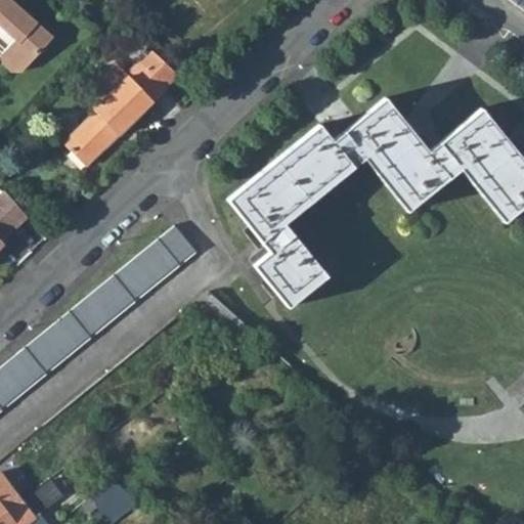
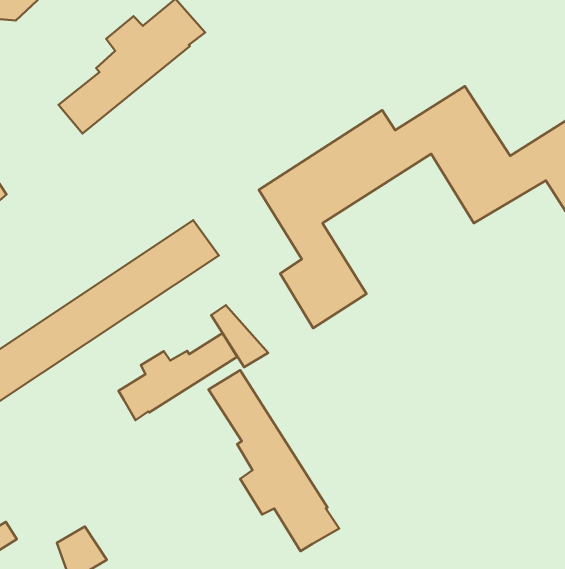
building: none -> [118,333,237,420]
building: none -> [208,370,339,551]

